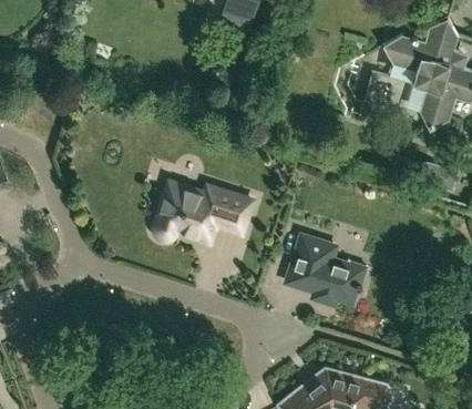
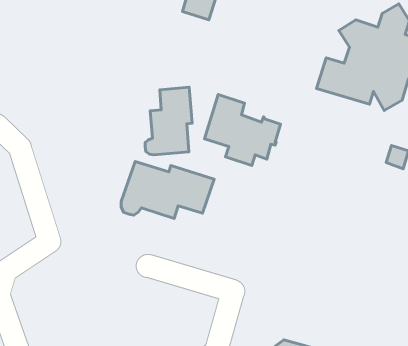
building: none -> [145,87,192,155]
building: [286,235,366,309] -> [204,95,280,165]

